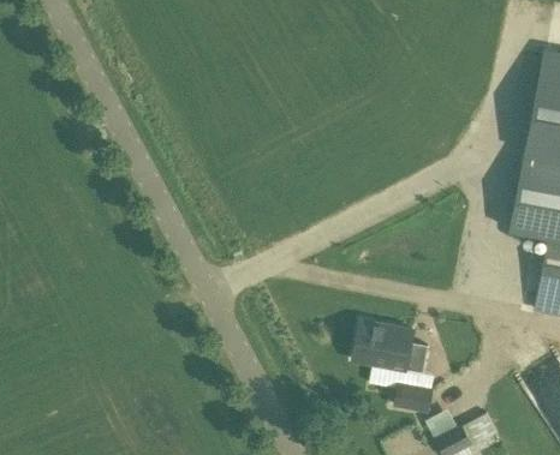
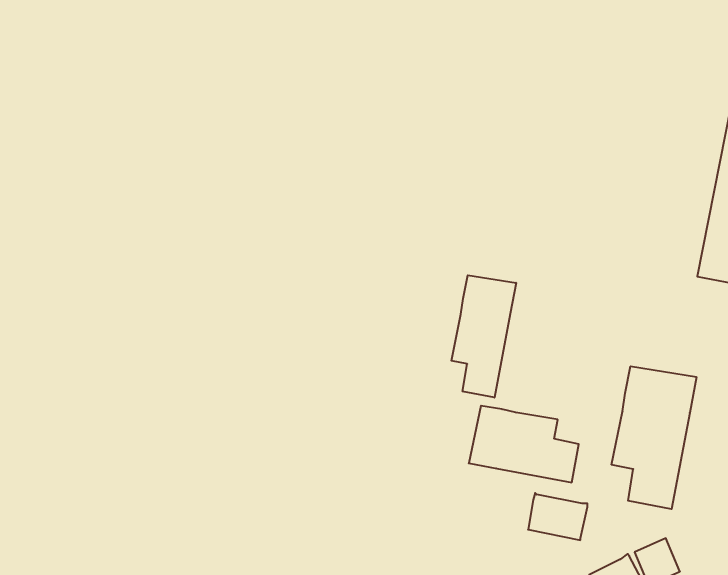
building: none -> [451,275,516,398]
building: none -> [612,366,696,509]

